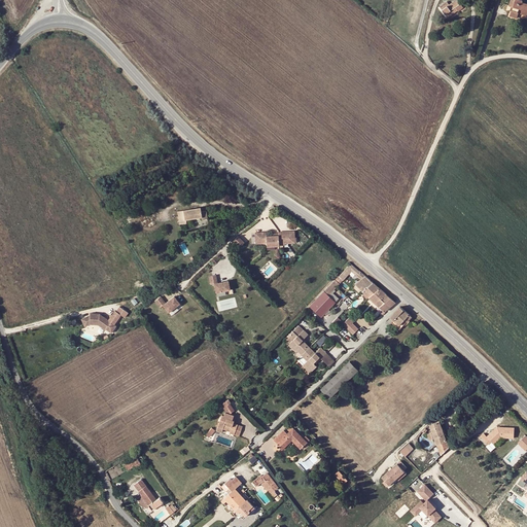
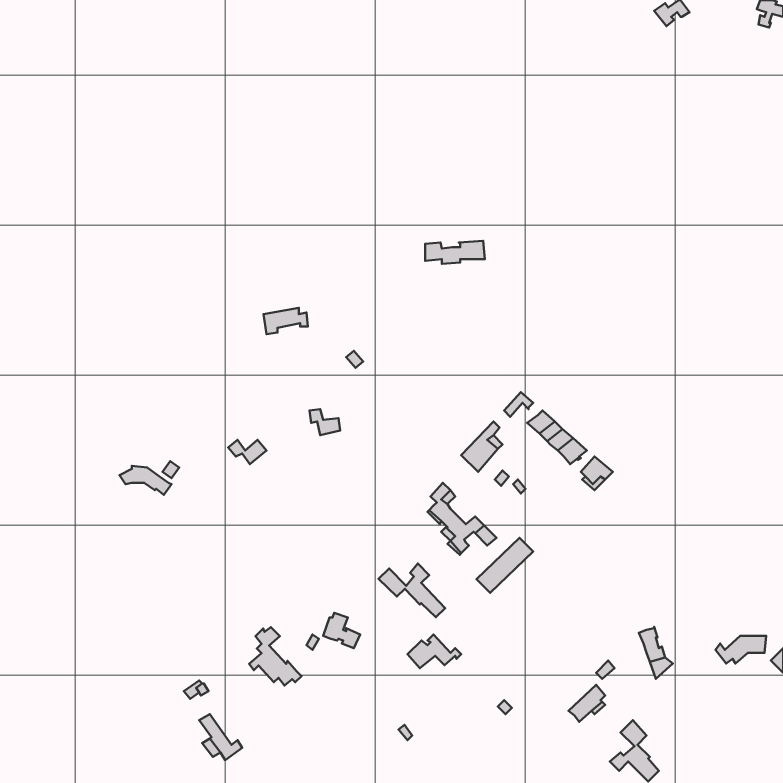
building: [254,231,294,246] -> [425,241,485,264]
building: none -> [379,563,445,617]
building: [221,477,256,516] -> [249,627,301,685]

